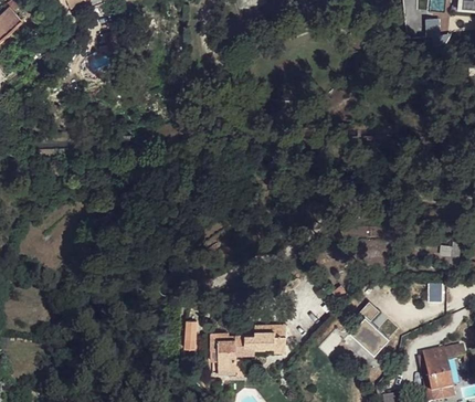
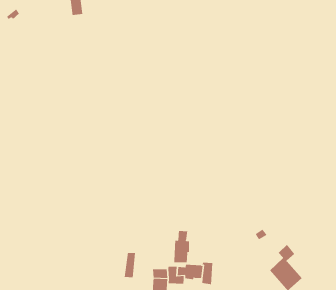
building: none -> [174,230,190,263]

